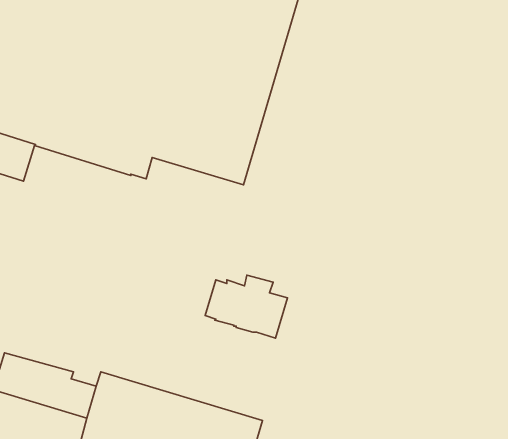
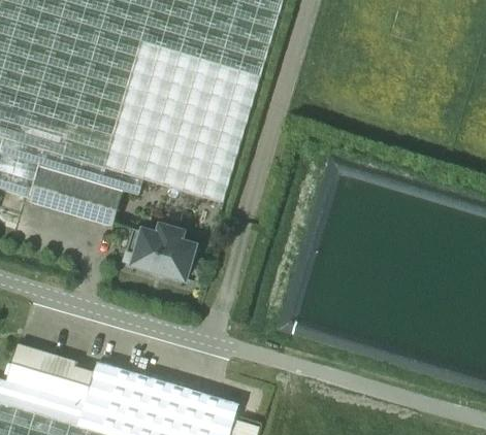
building: none -> [31,168,125,229]
building: [205,275,287,338] -> [125,228,196,282]

